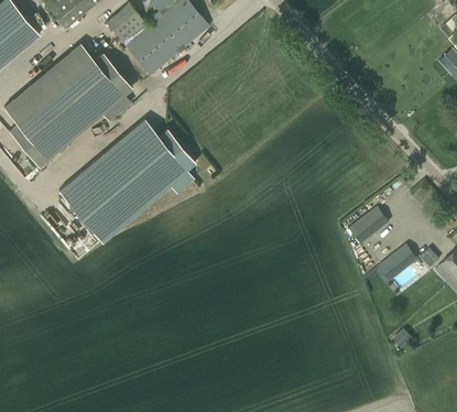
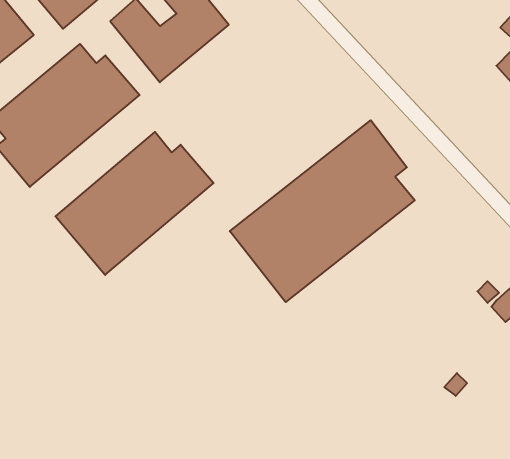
building: none -> [230,120,415,302]
building: [349,207,390,246] -> none
building: [379,246,418,283] -> none

